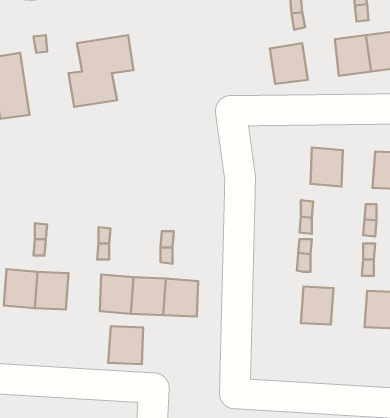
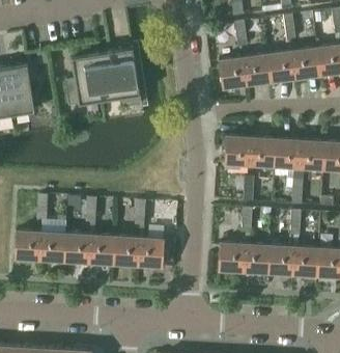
building: none -> [97,47,141,107]
building: none -> [244,53,272,84]
building: none -> [224,135,251,164]
building: none -> [274,138,300,167]
building: none -> [219,242,245,271]
building: none -> [265,244,293,274]
building: [108,326,143,364] -> [62,233,89,262]

